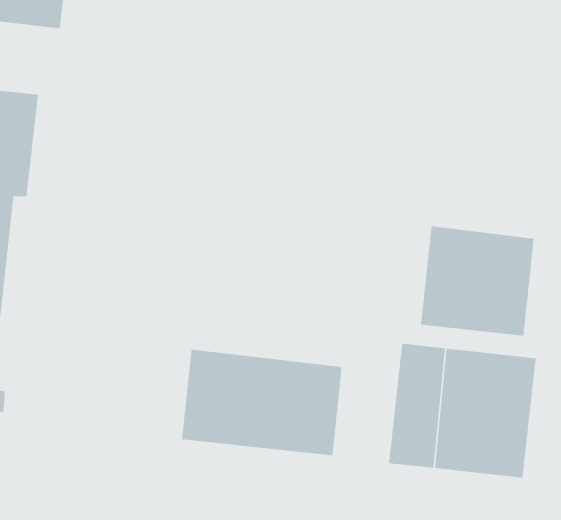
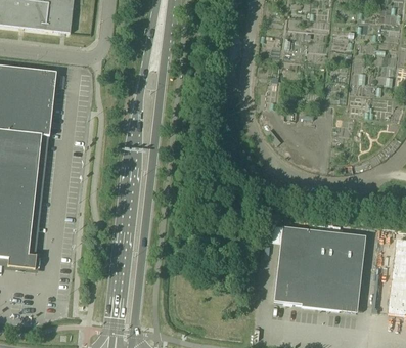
building: [420,225,534,336] -> none
building: [181,349,342,456] -> none

